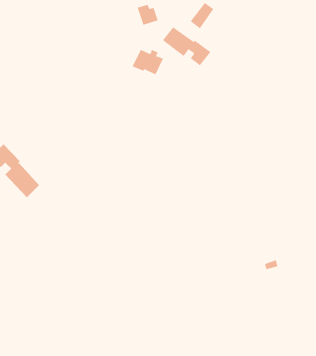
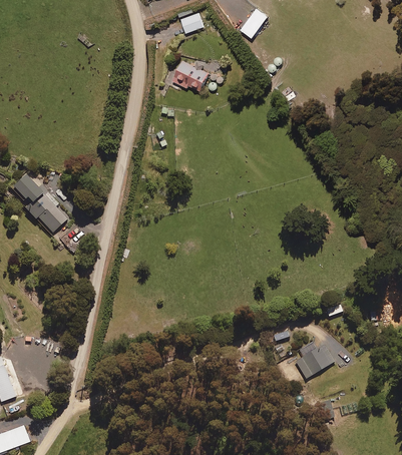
building: [162,26,211,66] -> none
building: none -> [296,344,335,377]

